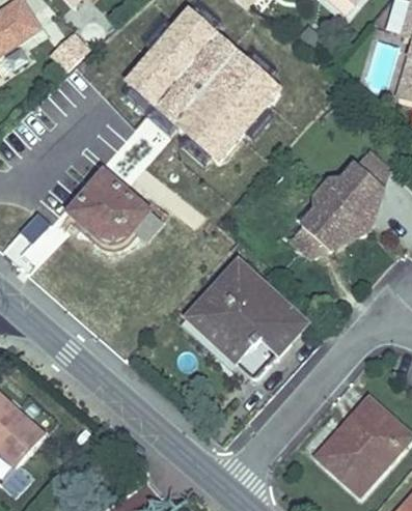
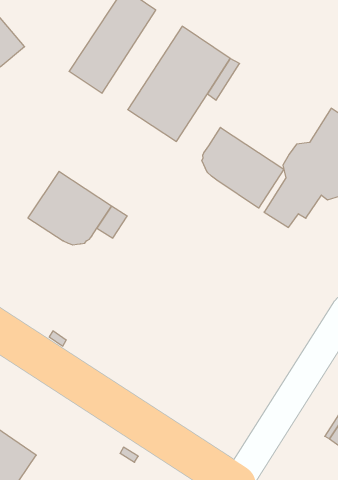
building: [155,33,239,122] -> none
building: none -> [202,127,284,208]
building: [181,259,305,377] -> none

